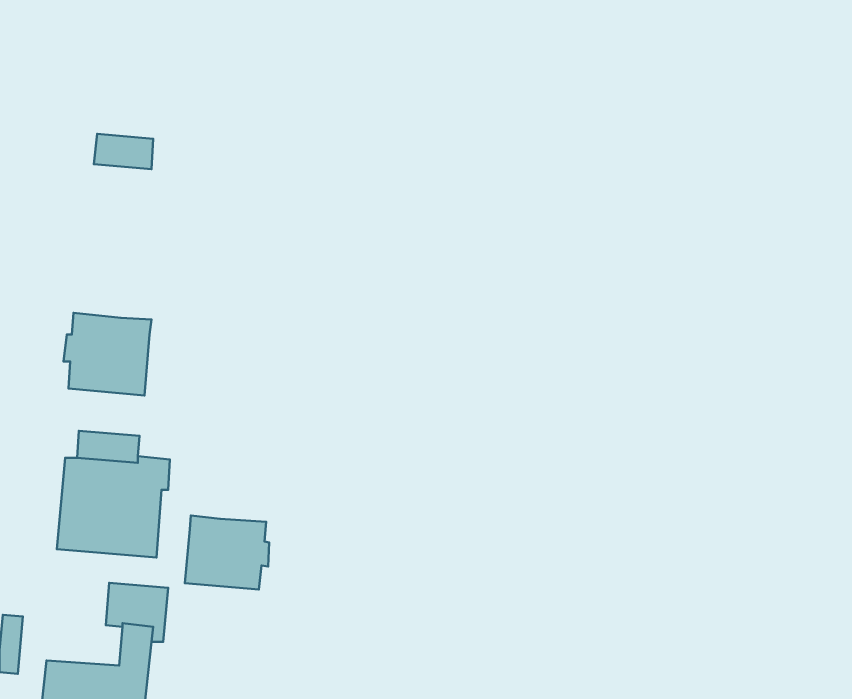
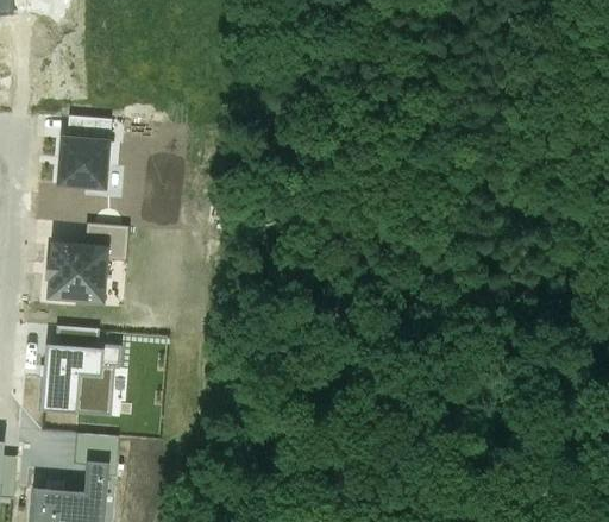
building: none -> [58,139,108,188]
building: none -> [86,225,127,260]
building: [185,515,269,590] -> none

